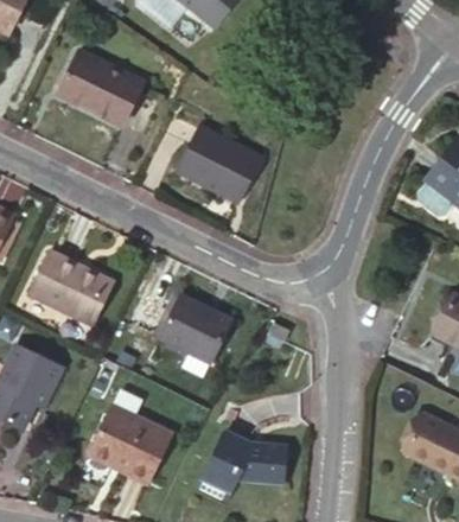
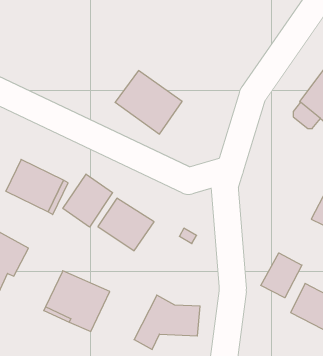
building: [62,51,147,125] -> none
building: none -> [63,174,113,227]
building: none -> [261,253,302,298]

